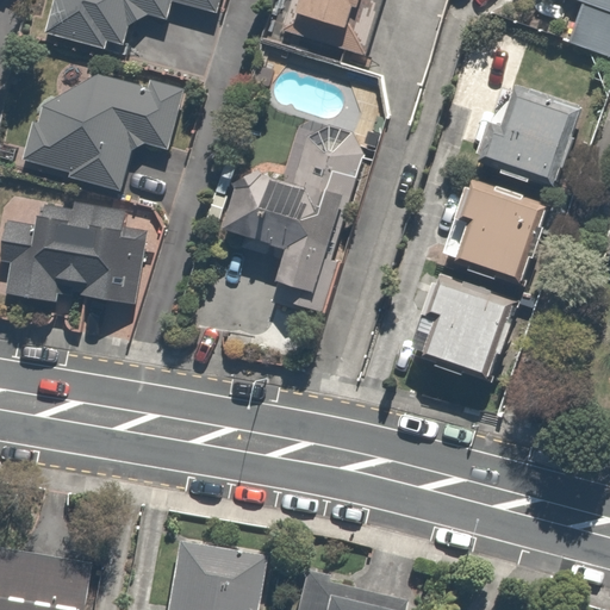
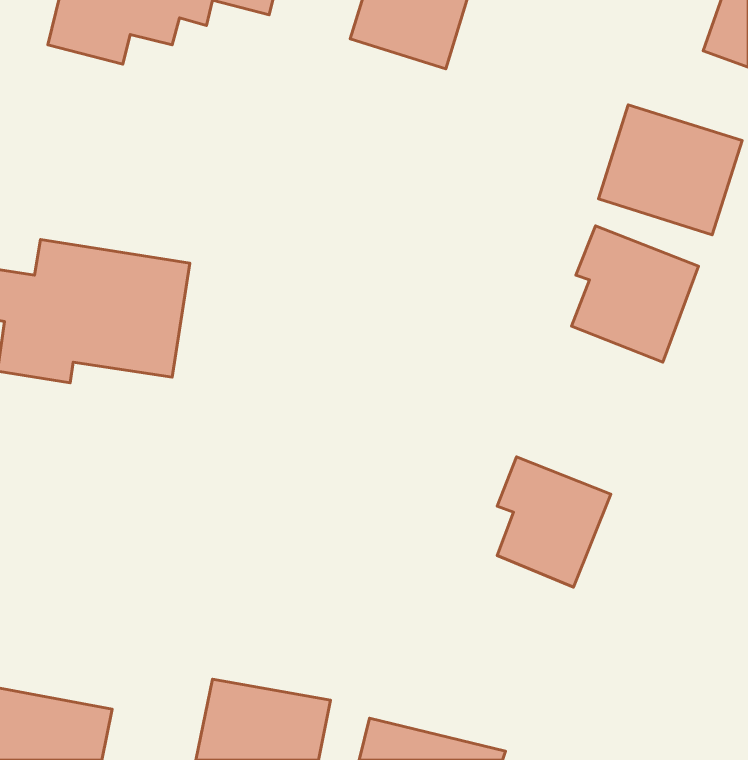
building: [11,69,188,189] -> none
building: [224,127,366,310] -> none
building: [428,279,518,382] -> [497,457,611,587]

